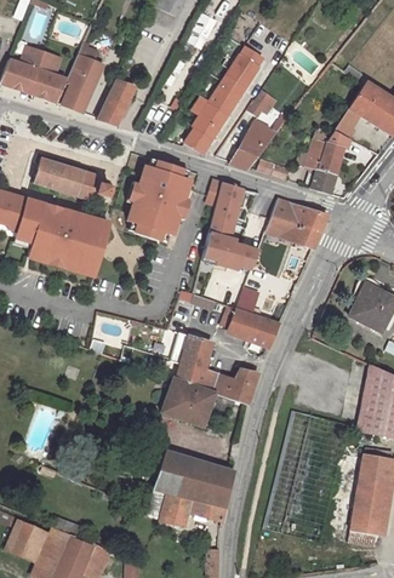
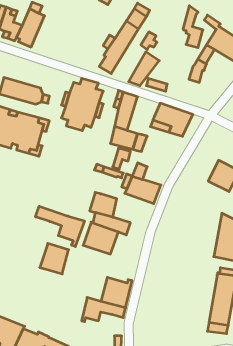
building: [98,80,136,125] -> none
building: [307,130,337,193] -> [183,6,203,48]
building: none -> [36,206,84,247]
building: [227,368,259,404] -> none
building: [154,451,198,497] -> [40,243,69,274]

